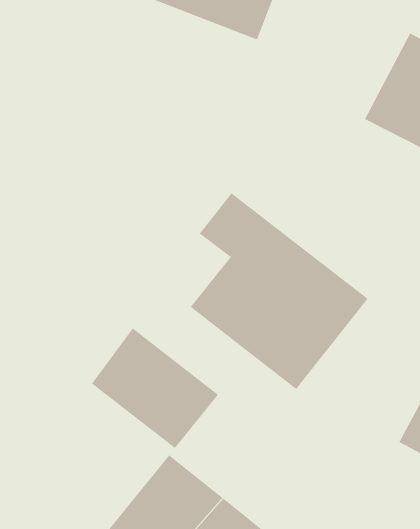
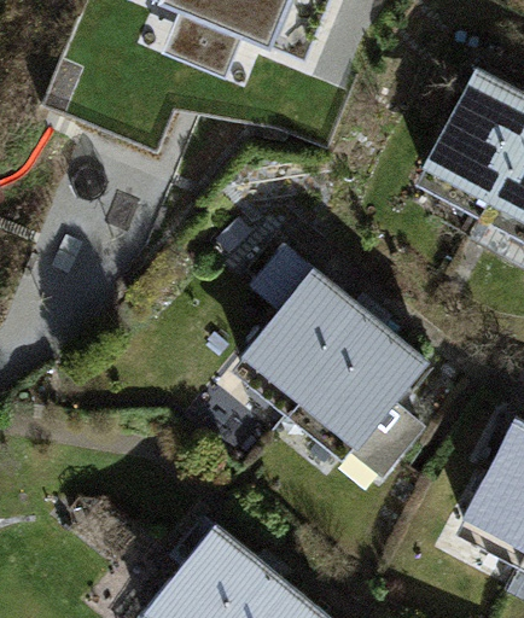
building: [91,327,219,449] -> none

